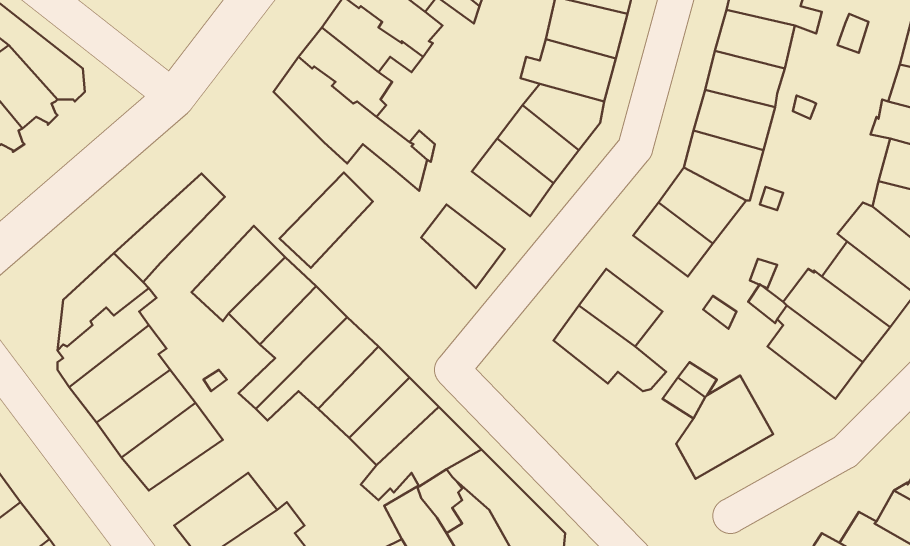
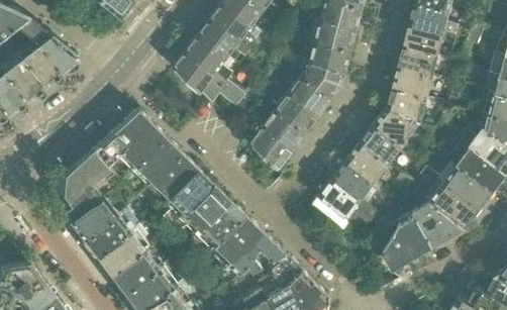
building: none -> [264,109,307,149]
building: [280,172,373,268] -> [115,122,164,172]
building: none -> [346,142,389,182]
building: none -> [413,200,466,245]
building: none -> [109,248,161,293]

